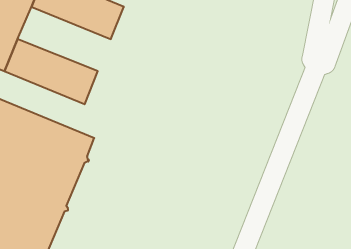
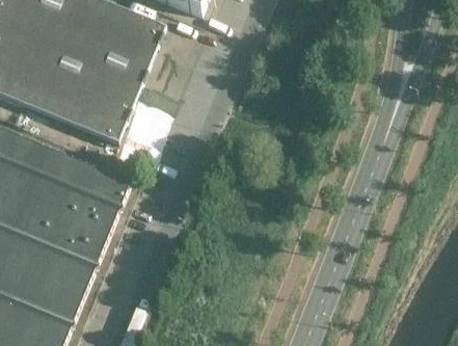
building: none -> [38,24,150,101]

